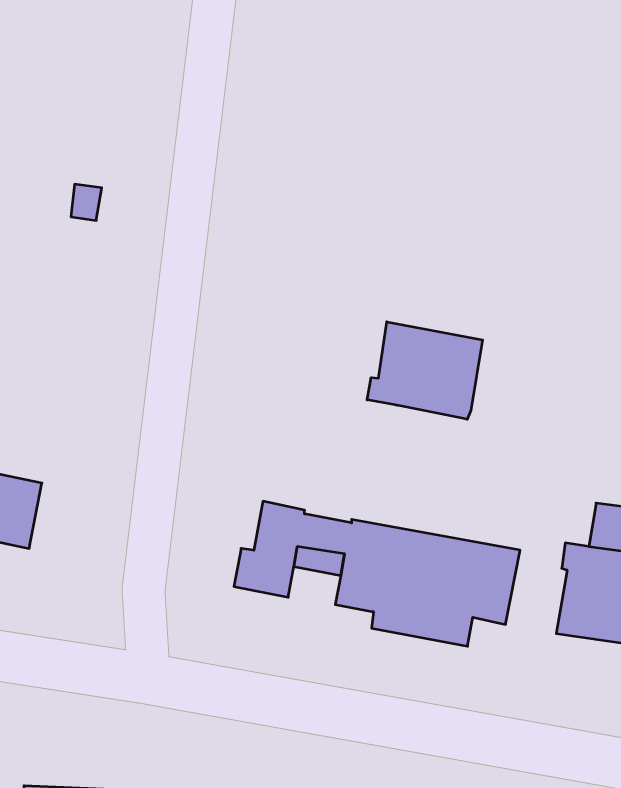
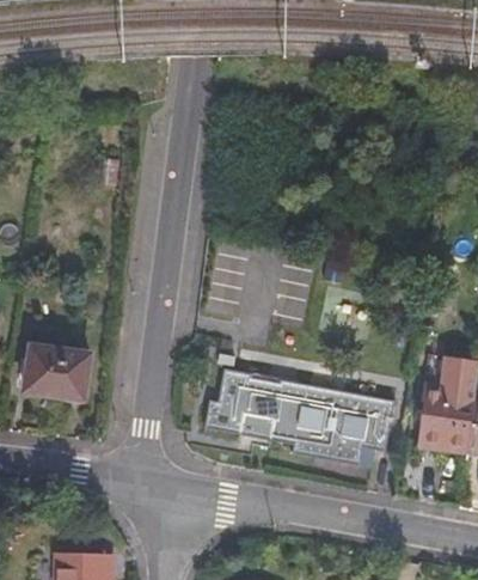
building: [367,322,483,419] -> none

